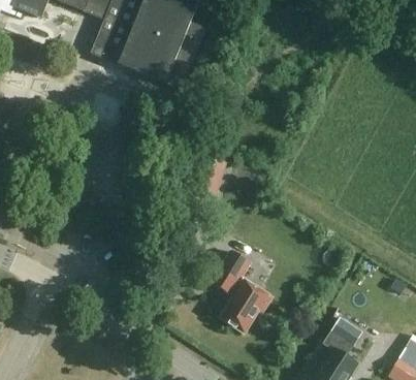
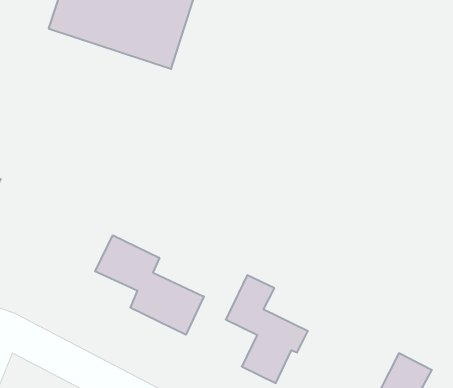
building: none -> [95,235,204,335]

